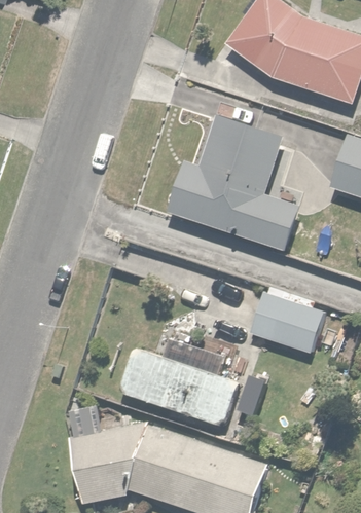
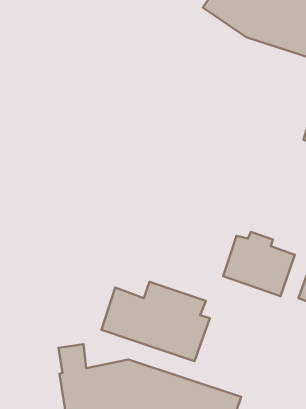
building: [168,119,297,250] -> none

